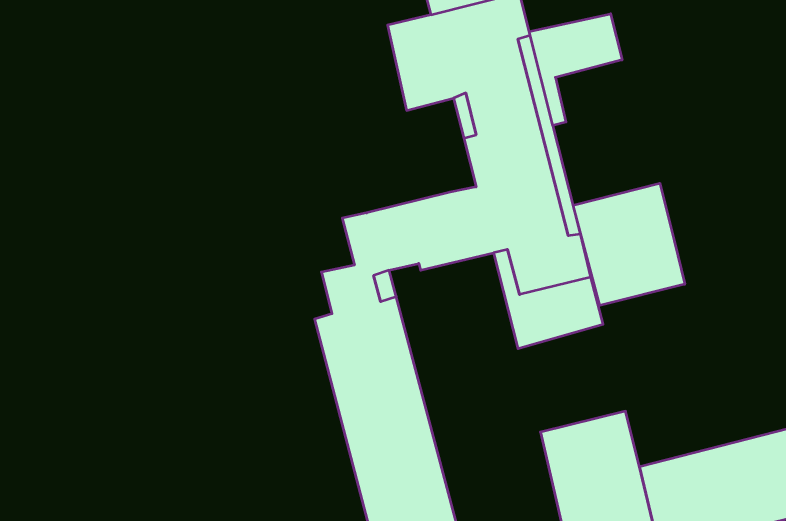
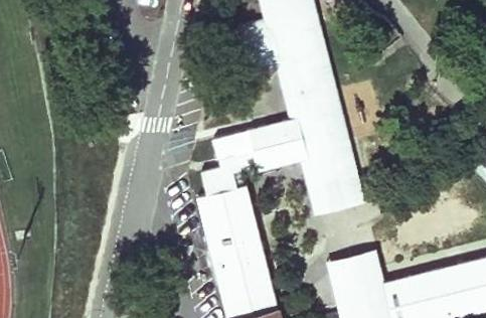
building: [529,14,622,125] -> none
building: [573,183,685,305] -> none

